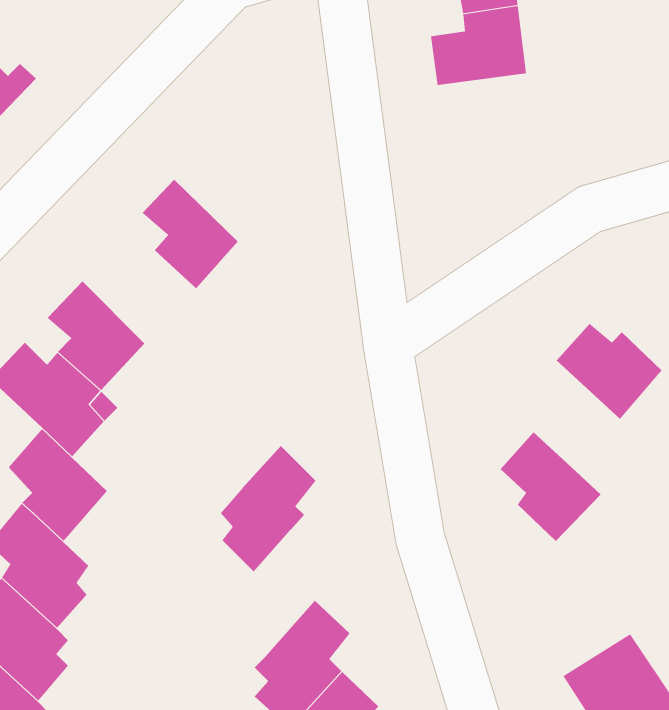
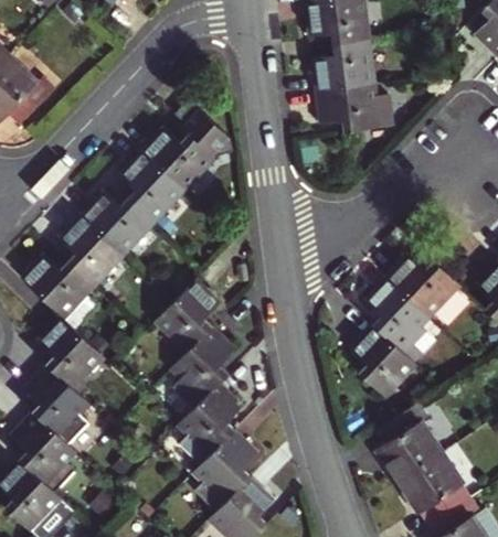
building: none -> [315,86,393,135]
building: none -> [144,101,234,195]
building: none -> [84,195,158,261]
building: none -> [370,272,434,344]
building: none -> [157,282,219,355]
building: none -> [181,383,244,465]
building: none -> [378,399,441,477]

